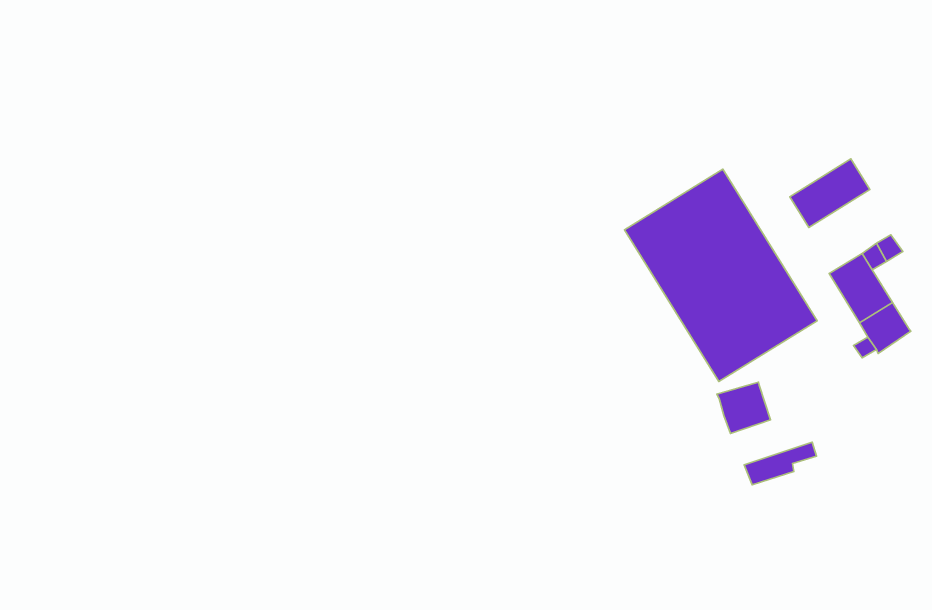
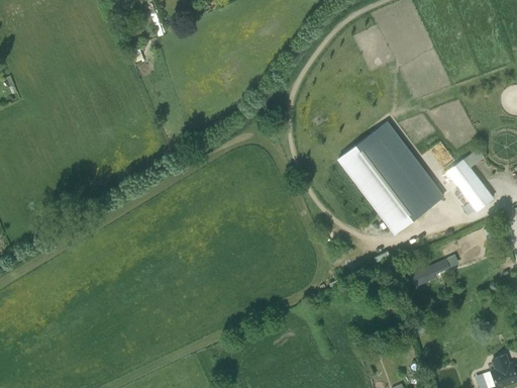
building: [790,159,870,227] -> none
building: [717,382,770,433] -> none

